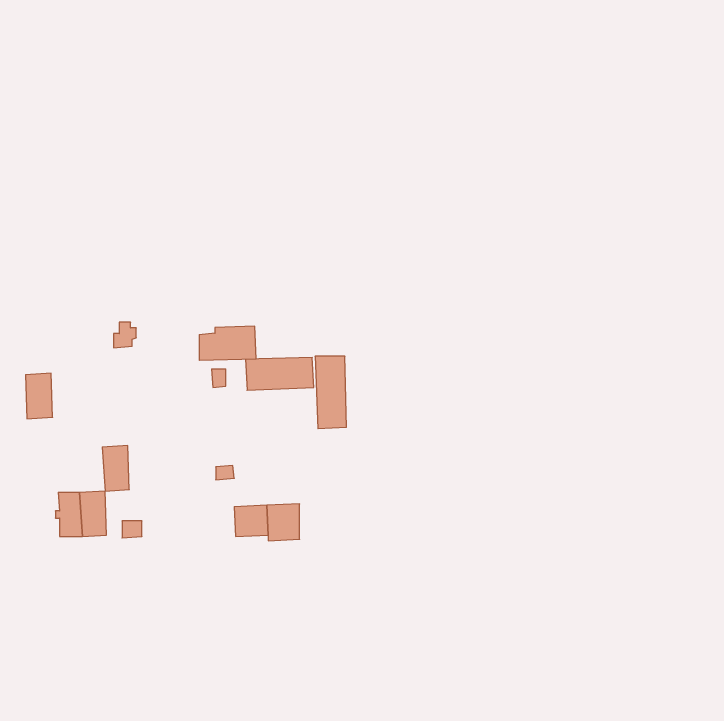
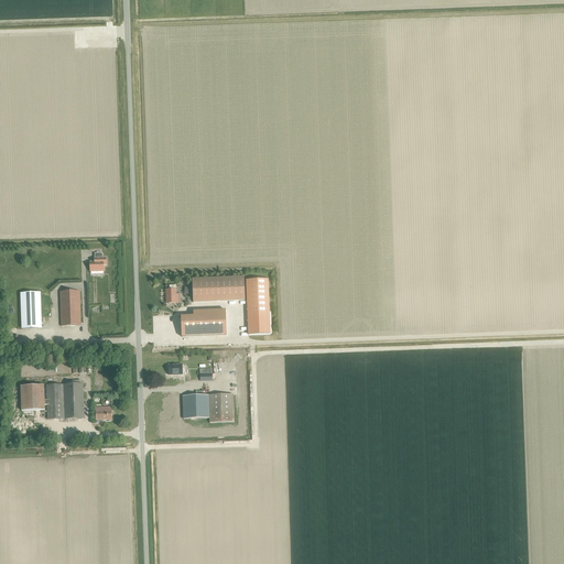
building: [199,326,256,360] -> [181,307,225,334]
building: [102,446,129,491] -> [58,289,79,324]
building: none -> [20,382,44,408]

